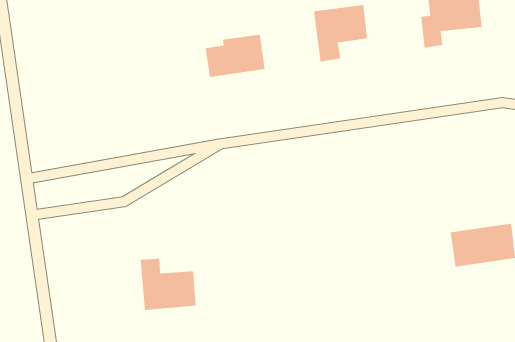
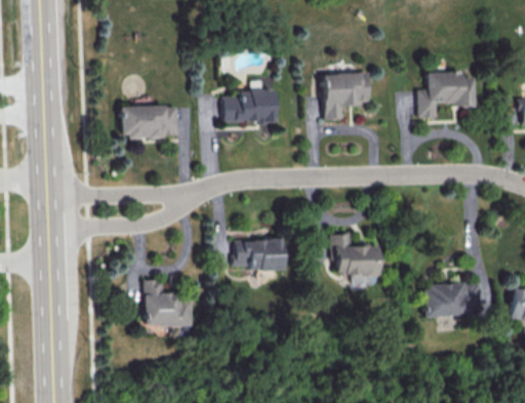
building: none -> [122,106,179,137]
building: none -> [330,234,378,278]
building: none -> [234,239,284,269]

